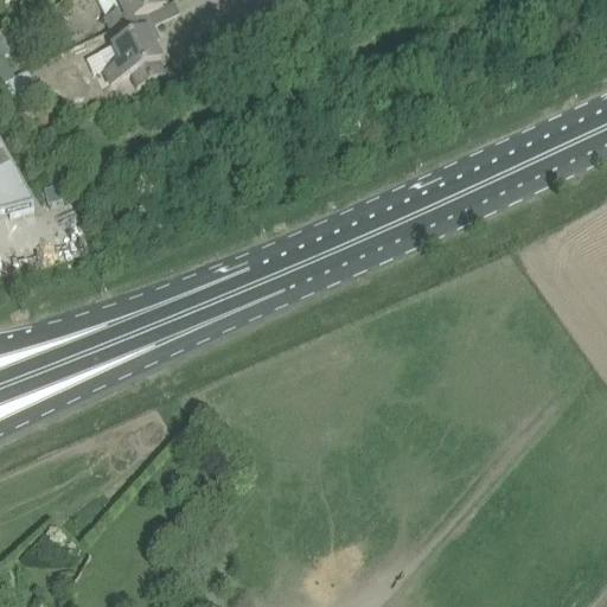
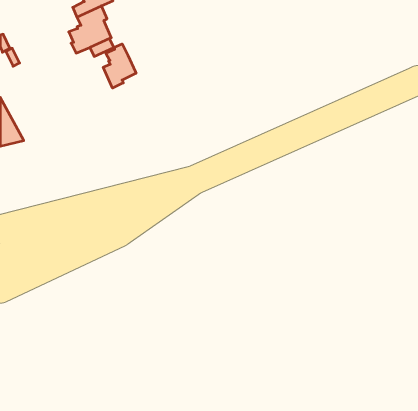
building: none -> [103,44,136,88]

